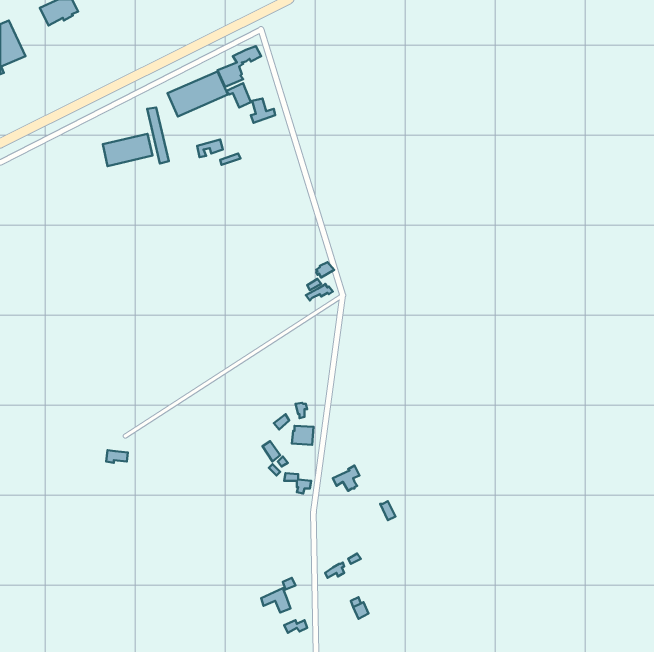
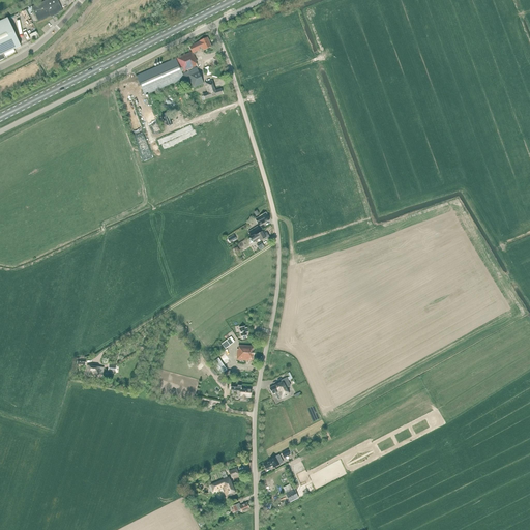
building: [103,134,152,166] -> none

